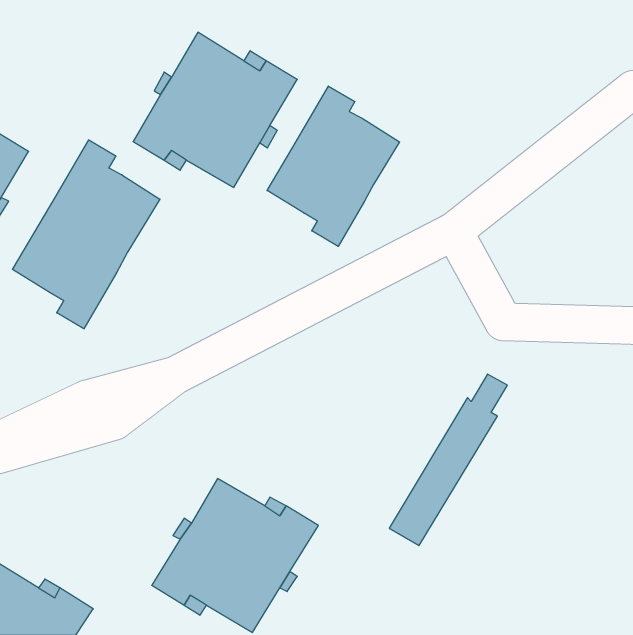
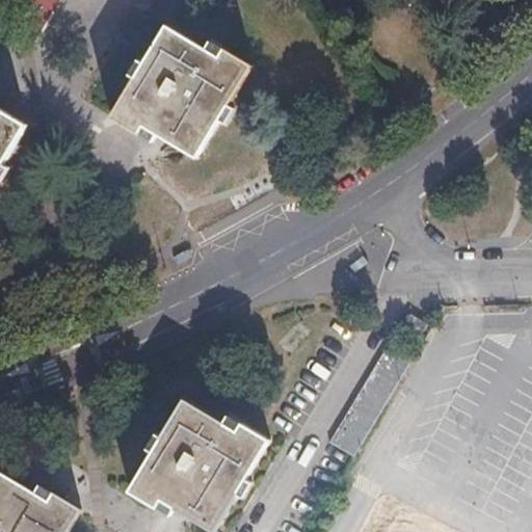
building: [267,86,400,246] -> none
building: [13,140,160,329] -> none

